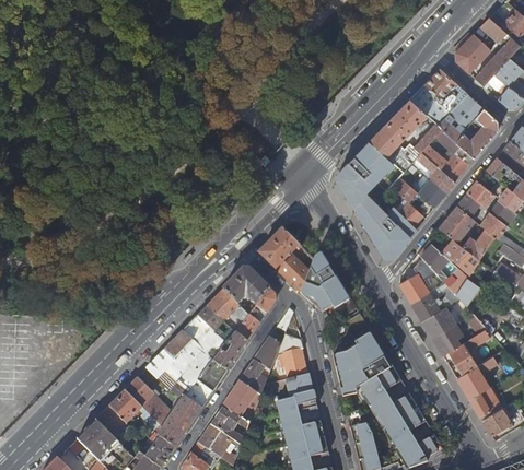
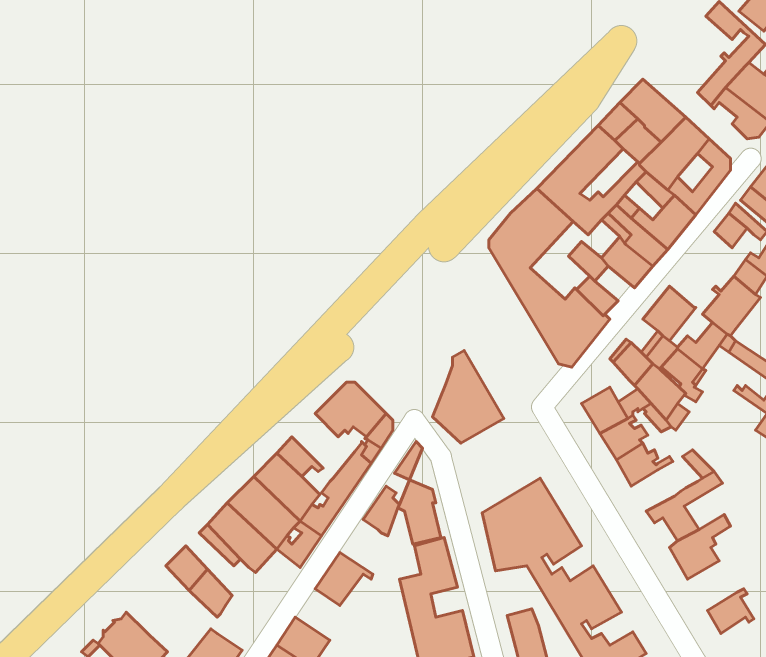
building: [455,35,490,72] -> none
building: [456,180,493,220] -> none
building: [259,228,308,292] -> none
building: [207,290,238,321] -> none
building: [431,327,459,354] -> none
building: [238,360,270,396] -> none
building: [468,387,501,420] -> none
building: [96,390,140,436] -> none
building: [158,395,200,446] -> none
building: [209,406,249,446] -> none

